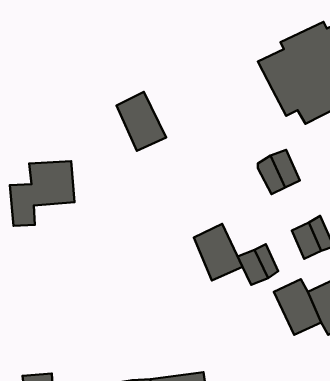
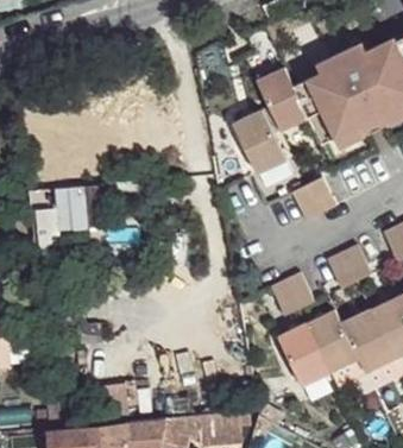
building: none -> [257,68,307,126]
building: [117,92,166,151] -> [233,112,285,173]
building: [194,224,242,281] -> [278,324,329,384]

